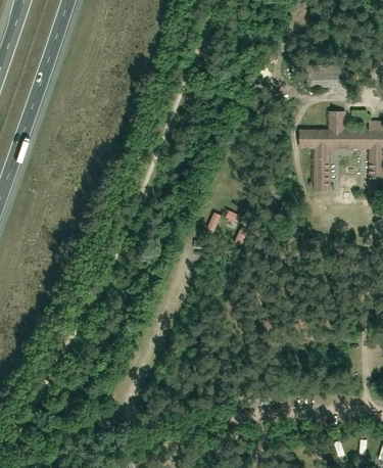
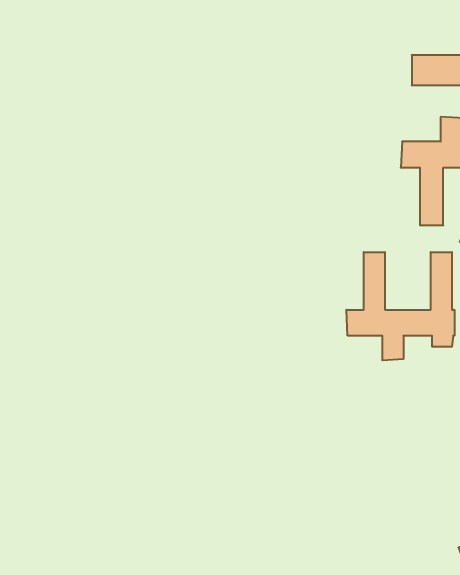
building: none -> [346,252,454,360]

